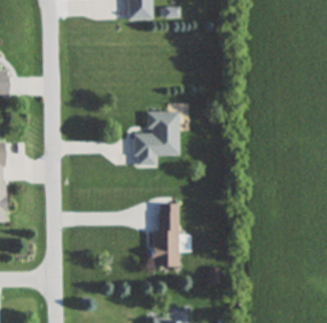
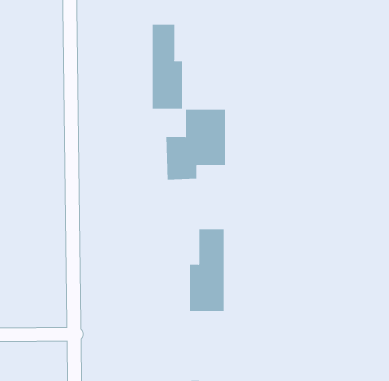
building: none -> [152,24,183,110]

